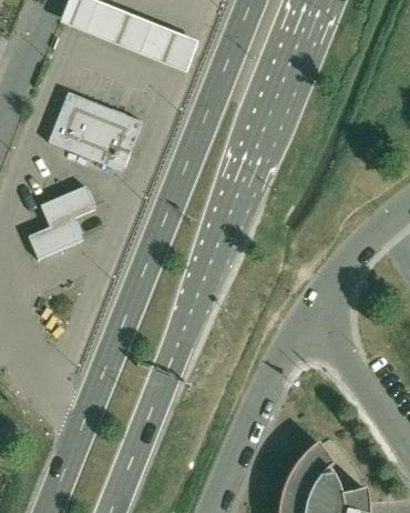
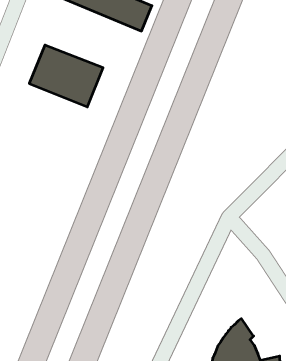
building: [29,185,96,259] -> none

